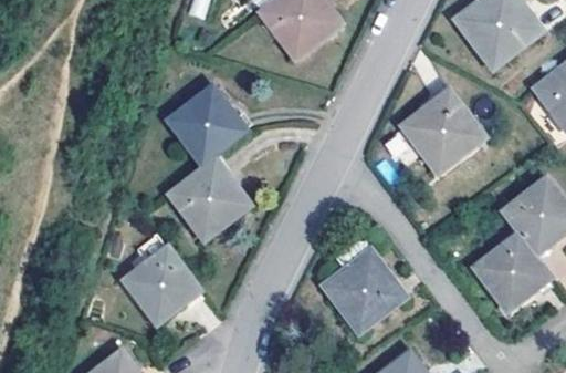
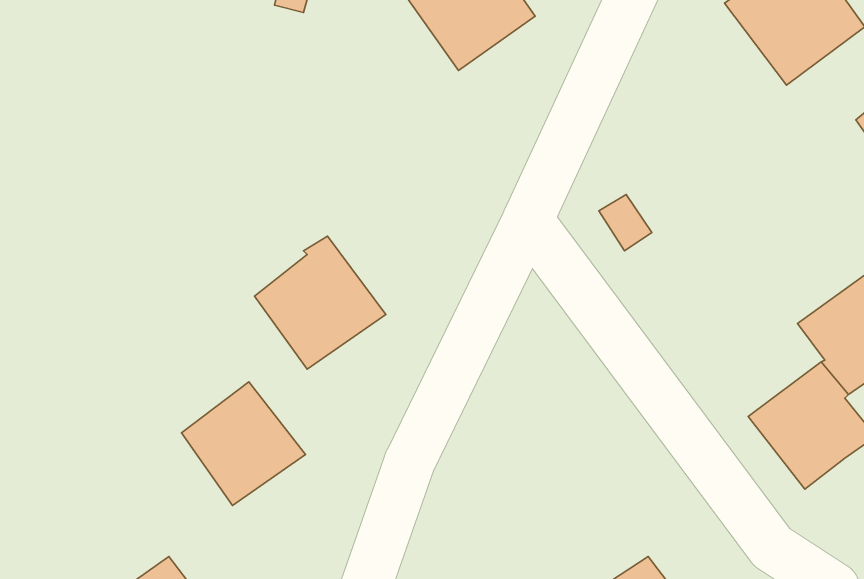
building: [167,86,244,166] -> none
building: [402,91,484,172] -> none
building: [324,251,405,332] -> none

